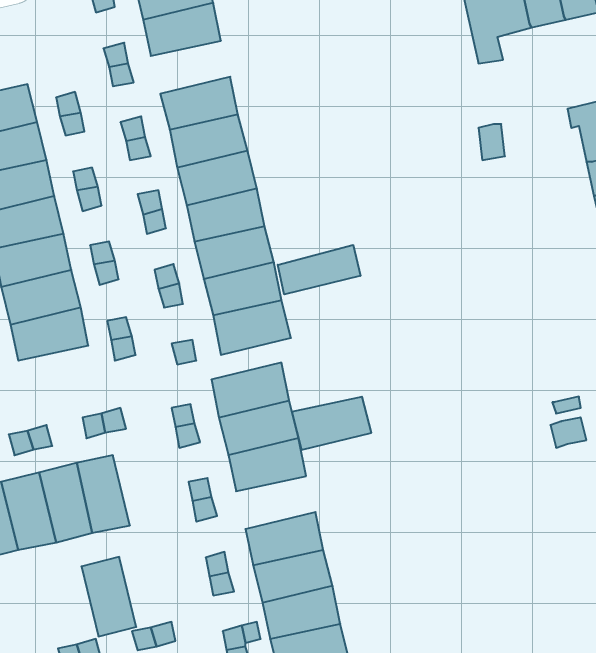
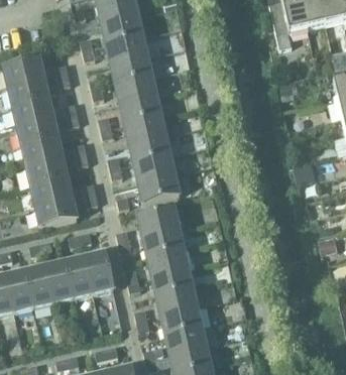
building: none -> [105,33,147,61]
building: [278,245,360,294] -> none
building: none -> [34,196,77,224]
building: [292,397,371,450] -> [150,265,193,293]
building: [81,557,136,636] -> [85,249,114,291]

